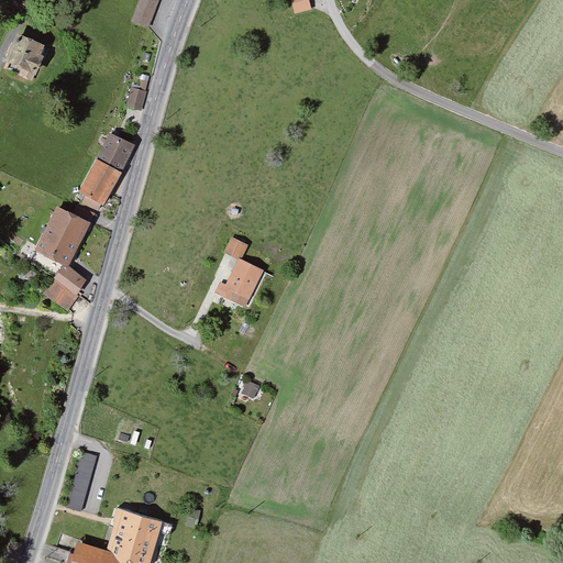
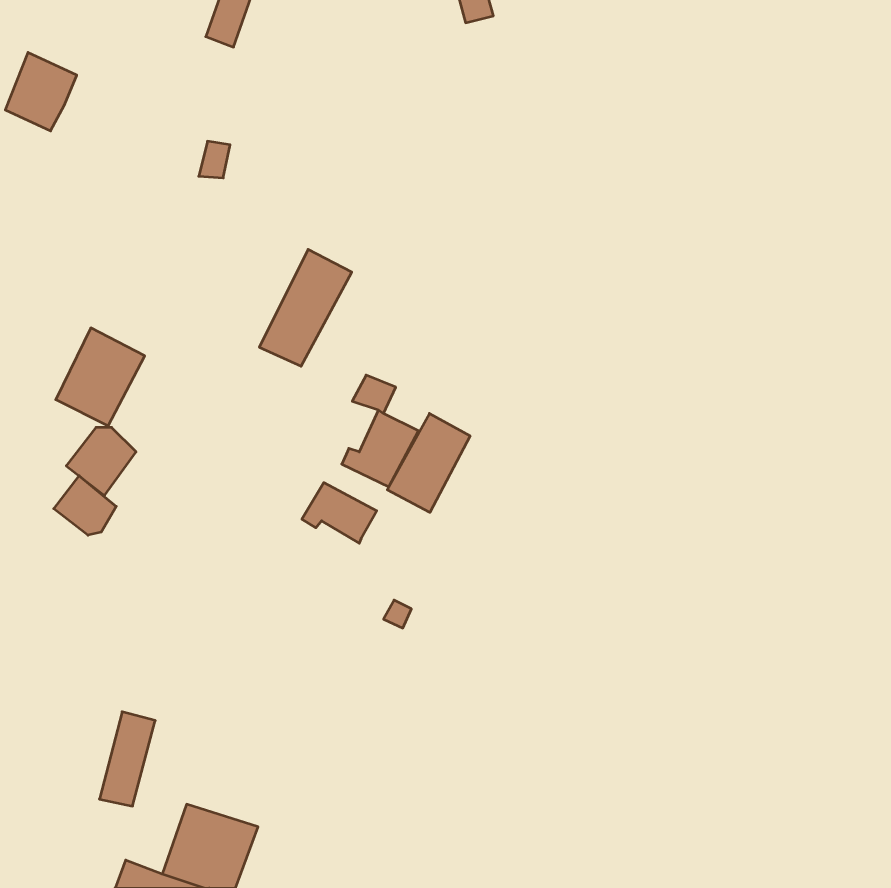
building: [79,133,137,207] -> [259,249,352,366]
building: none -> [387,413,470,512]
building: none -> [54,476,116,535]
building: none -> [302,483,377,543]

